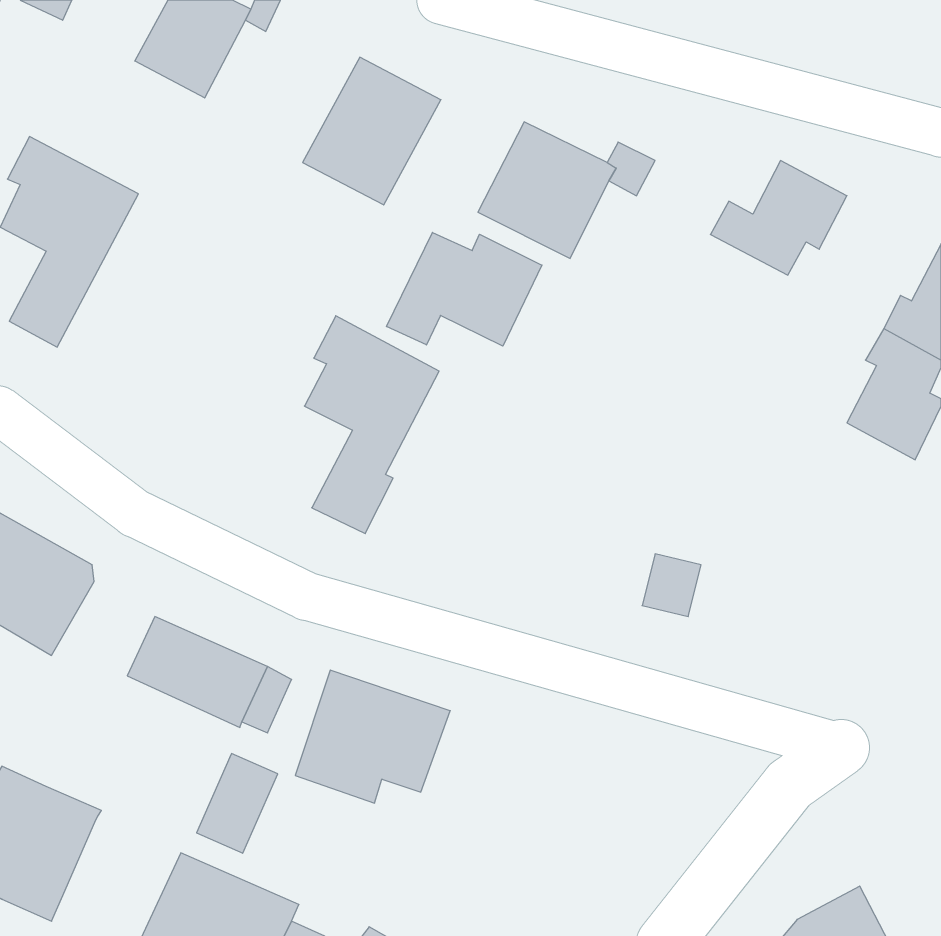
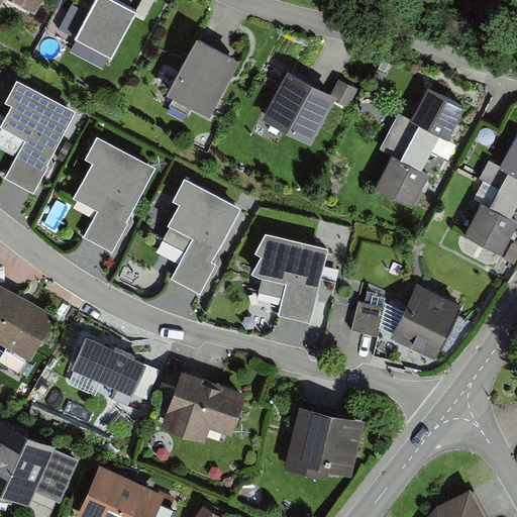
building: [387,232,542,346] -> none
building: none -> [376,132,431,209]
building: none -> [73,135,156,254]
building: none -> [251,239,328,329]
building: none -> [390,290,460,366]
building: none -> [284,404,365,479]
building: [197,754,278,853] -> [34,450,79,505]

